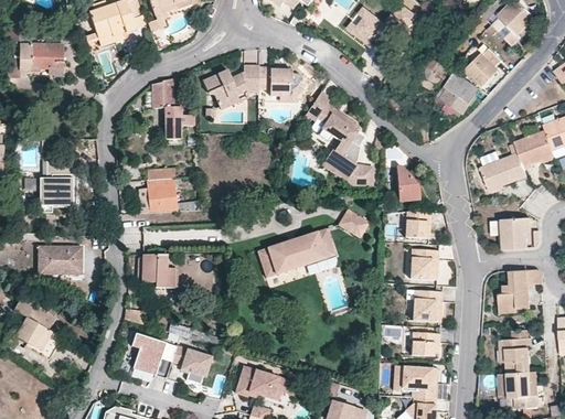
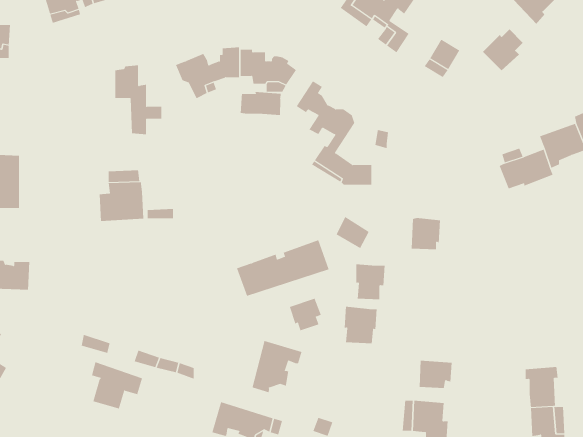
building: [436,71,479,112] -> none
building: none -> [240,91,281,116]
building: [396,165,419,201] -> none
building: [501,216,527,247] -> none
building: [414,248,439,279] -> [356,264,385,300]
building: [138,254,173,289] -> none
building: [499,268,542,308] -> none
building: none -> [289,298,322,331]
building: [414,289,443,321] -> [344,306,378,344]
building: none -> [252,340,302,393]
building: [172,346,212,384] -> none

